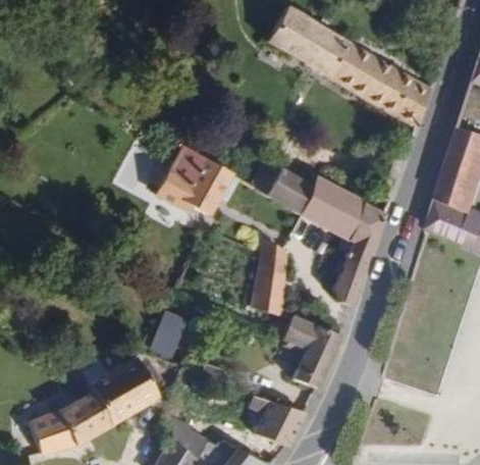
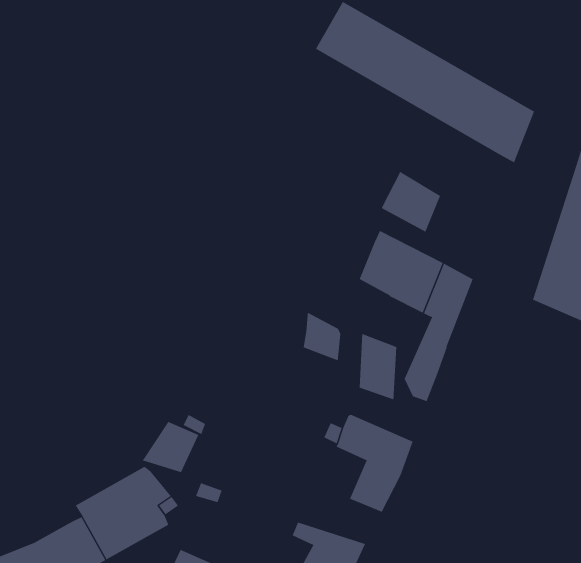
building: [156,146,230,216] -> none
building: [266,168,311,214] -> [381,171,441,233]
building: [256,265,284,315] -> [359,333,397,400]

